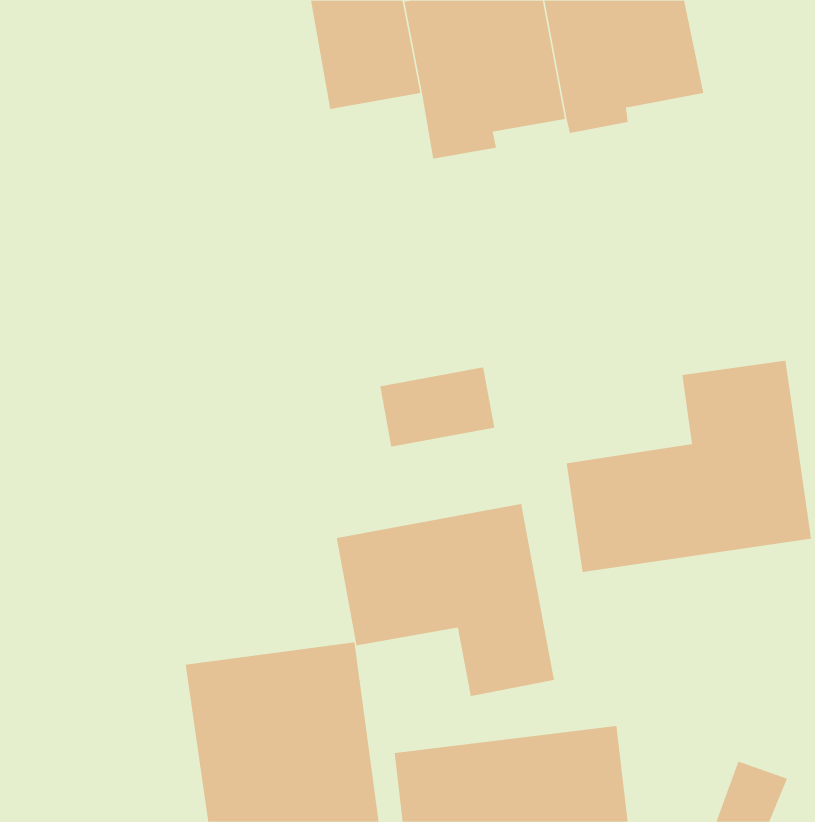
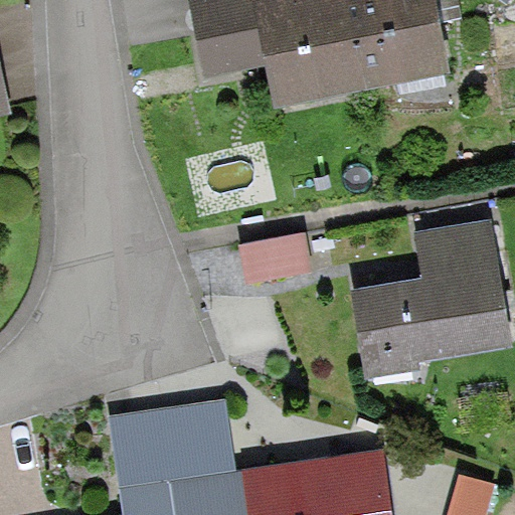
building: [336,503,555,697] -> none

